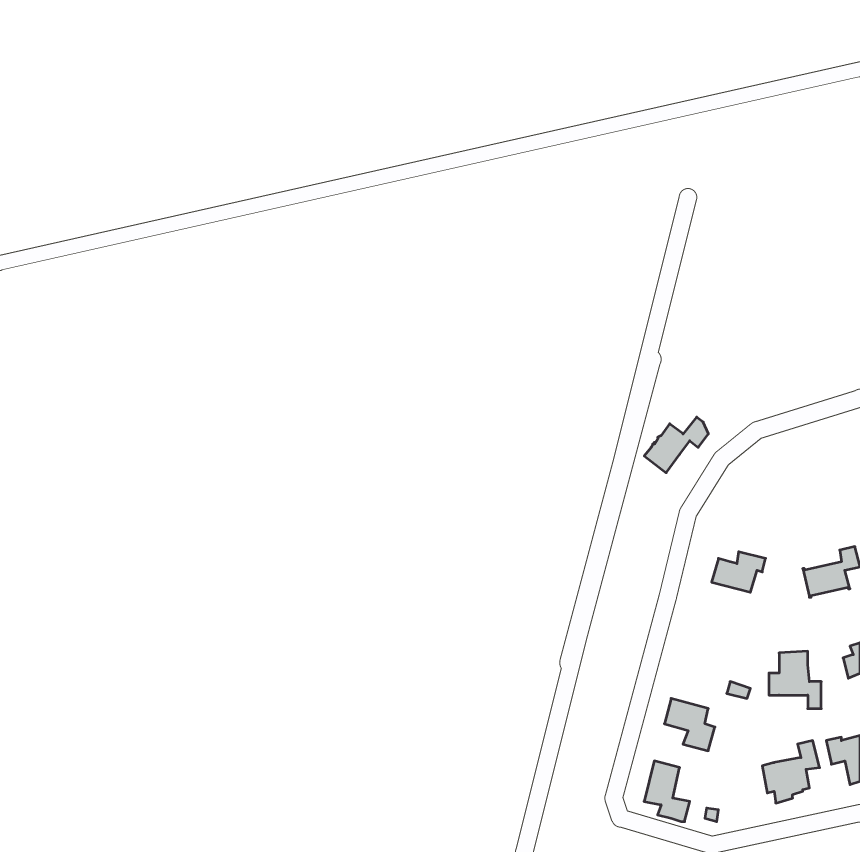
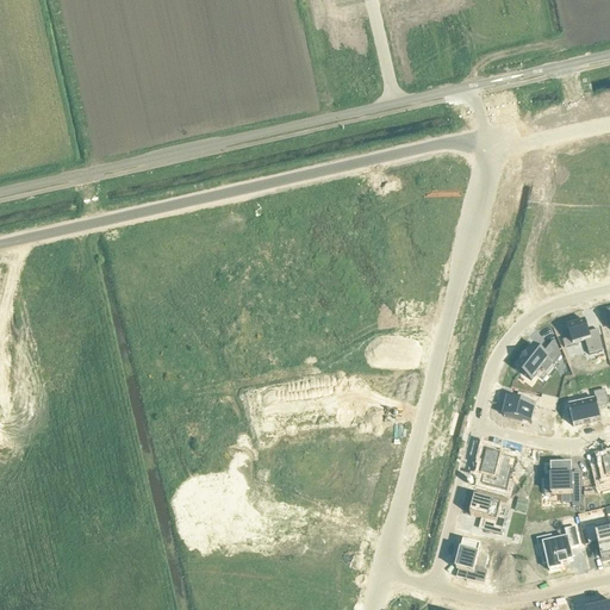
building: [644,417,708,473] -> [515,337,560,376]
building: none -> [562,317,603,350]
building: none -> [480,446,516,486]

